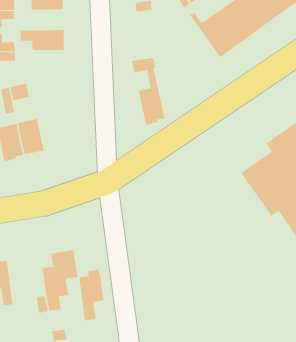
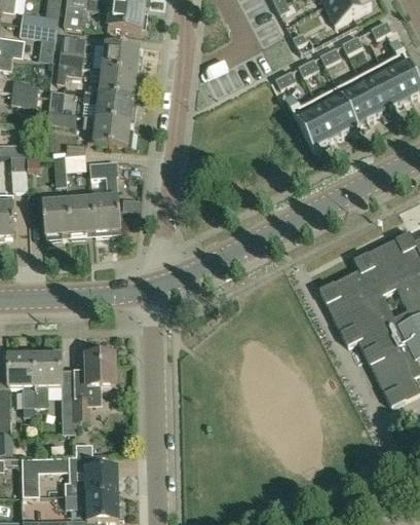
building: none -> [99,67,139,95]
building: none -> [82,113,133,144]
building: [131,57,166,125] -> [88,157,119,235]
building: [78,269,104,321] -> [34,348,61,407]

